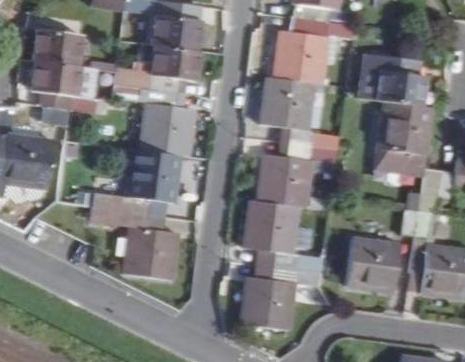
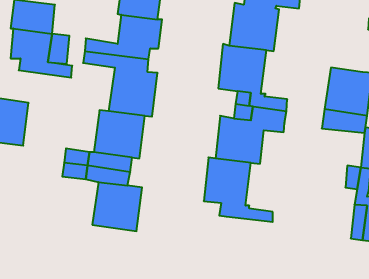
building: [364,56,424,107] -> none
building: [347,239,400,293] -> none
building: [241,266,322,330] -> none

